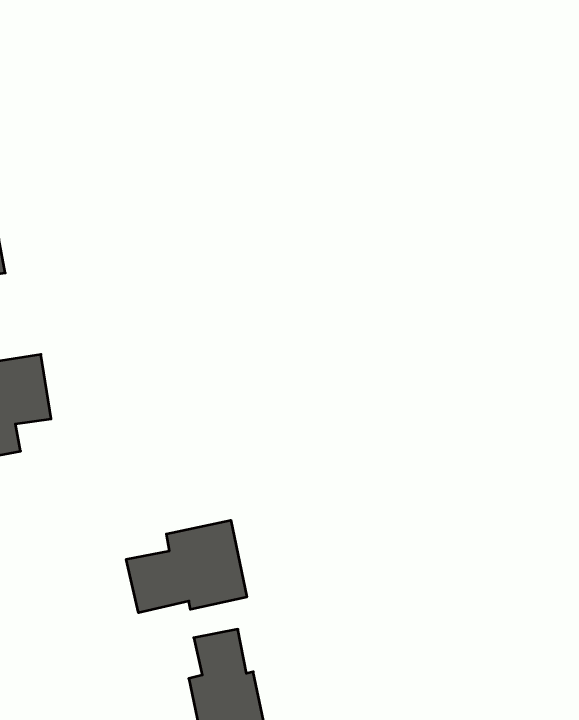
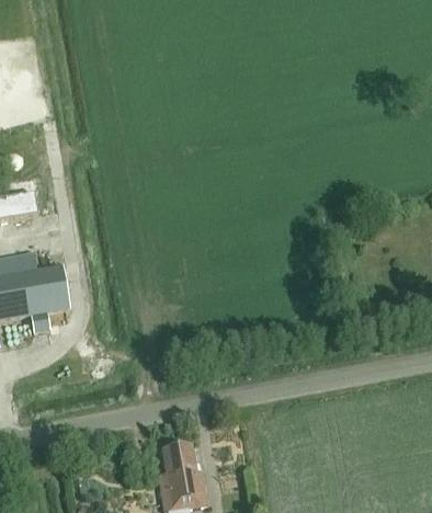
building: [126,520,247,613] -> none

